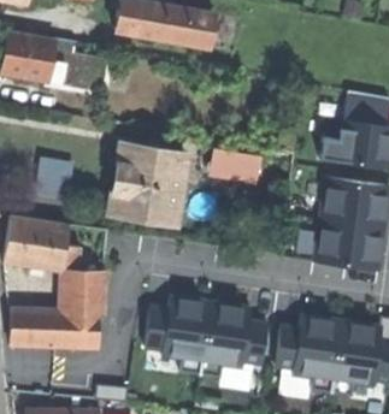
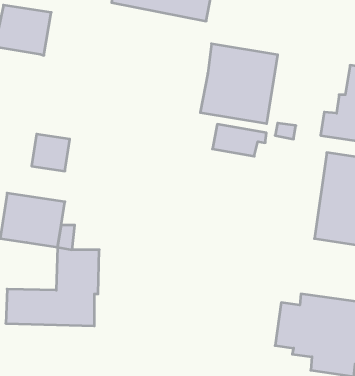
building: [43,39,106,93] -> none
building: [111,144,187,223] -> [200,44,278,124]
building: [145,296,266,378] -> none

